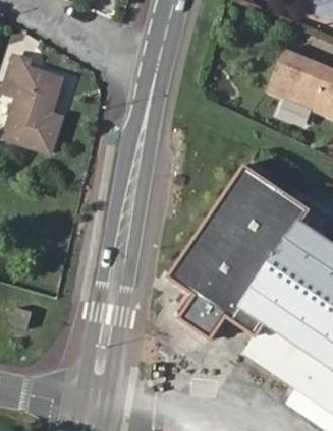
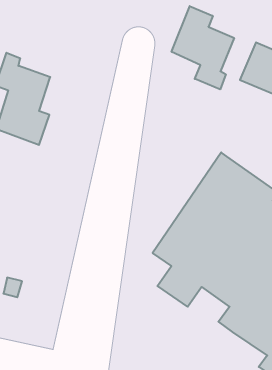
building: none -> [172,6,234,89]

